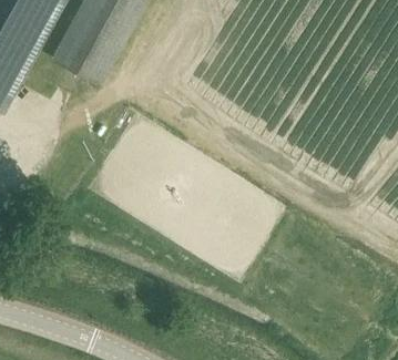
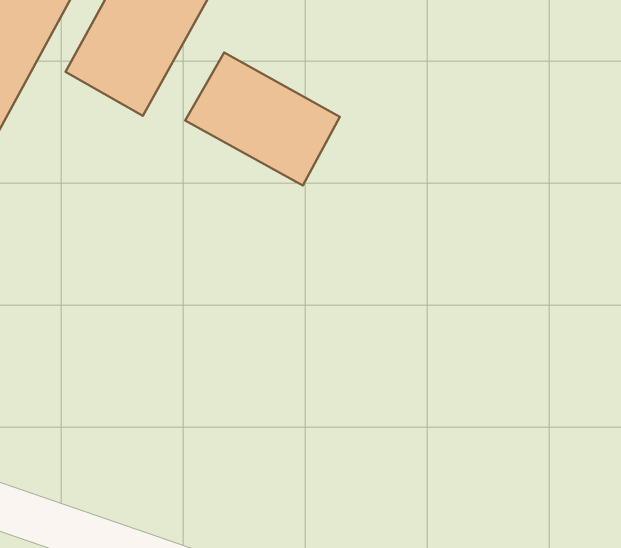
building: none -> [185,52,340,185]

